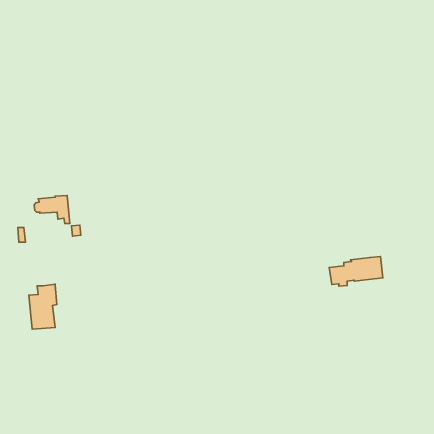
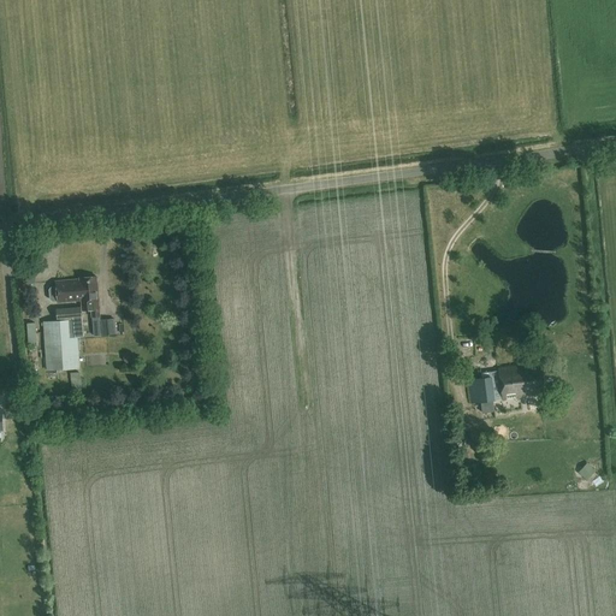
building: [29,284,57,329] -> [42,307,82,371]

